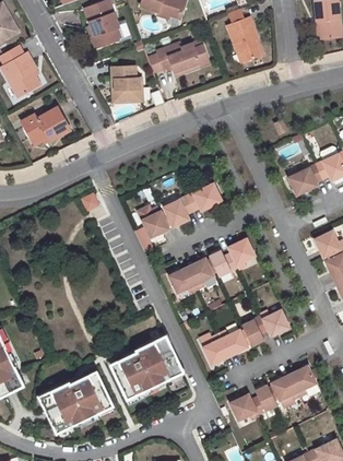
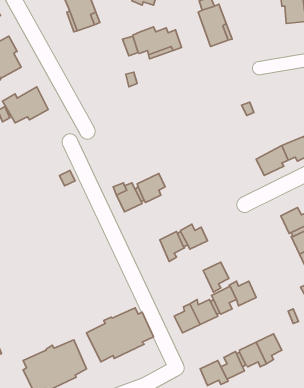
building: [113,64,140,99] -> none
building: [186,182,221,210] -> none
building: [227,237,255,269] -> [203,262,229,292]
building: [168,265,197,293] -> none

